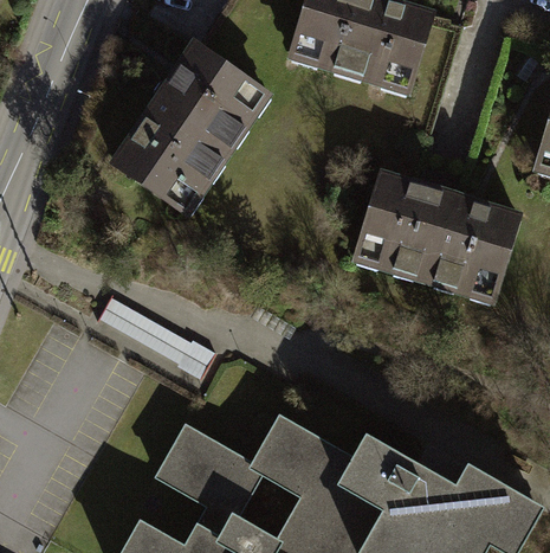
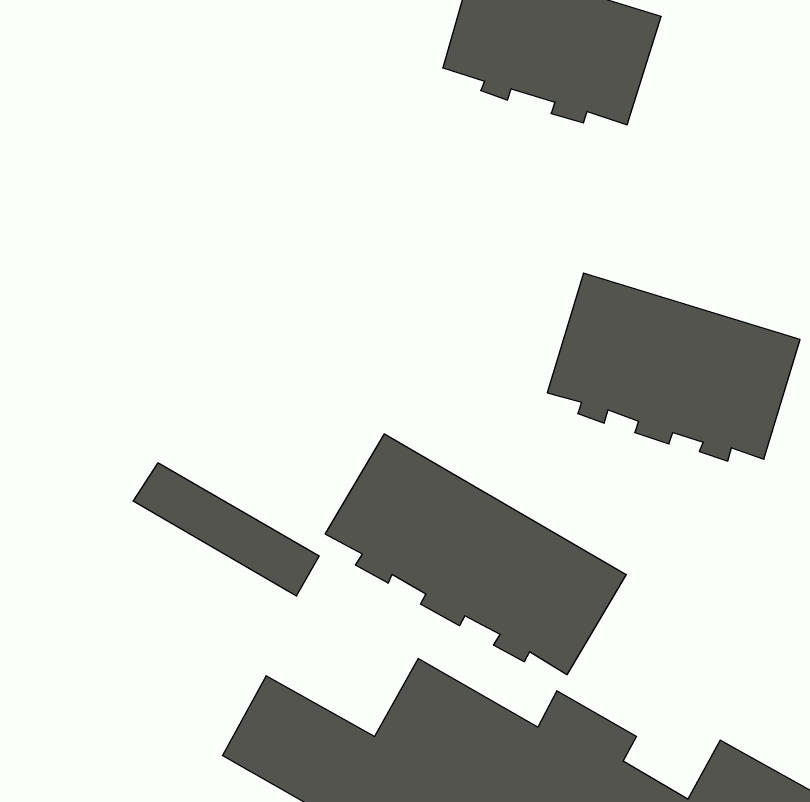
building: [112,47,259,210] -> none
building: none -> [325,434,626,675]

